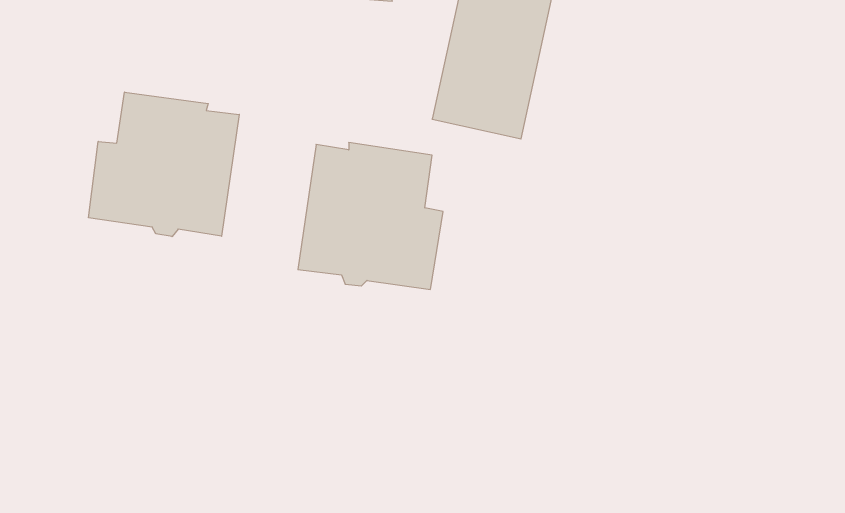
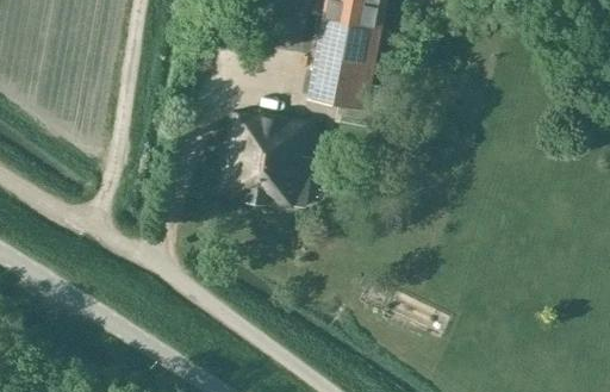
building: [89,92,239,237] -> none

